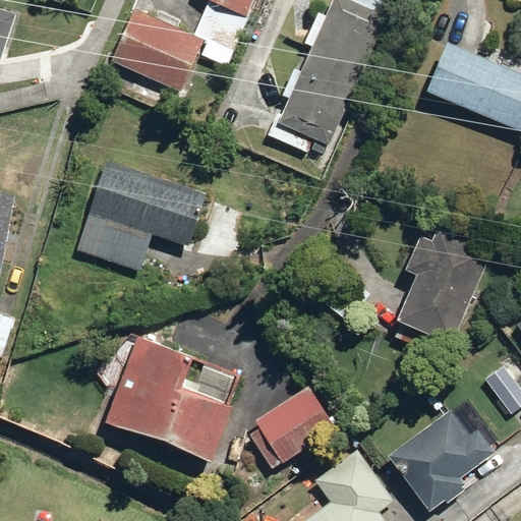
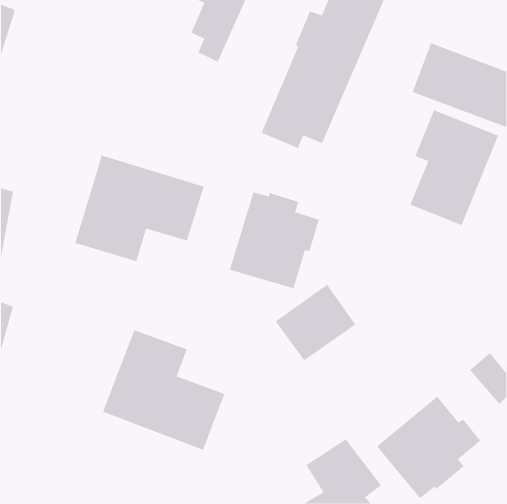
building: [111,9,201,89] -> none
building: none -> [229,192,320,289]
building: [397,224,488,343] -> [410,110,499,226]
building: [253,385,337,464] -> [275,284,356,361]

